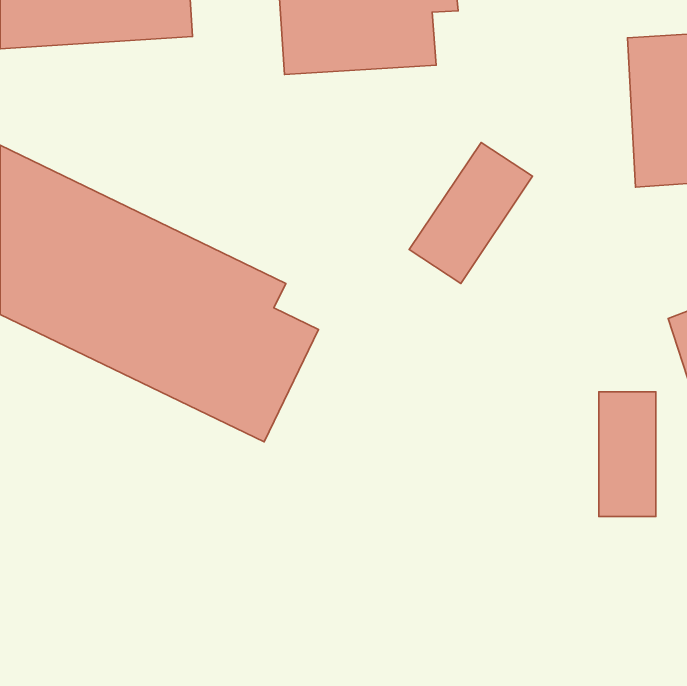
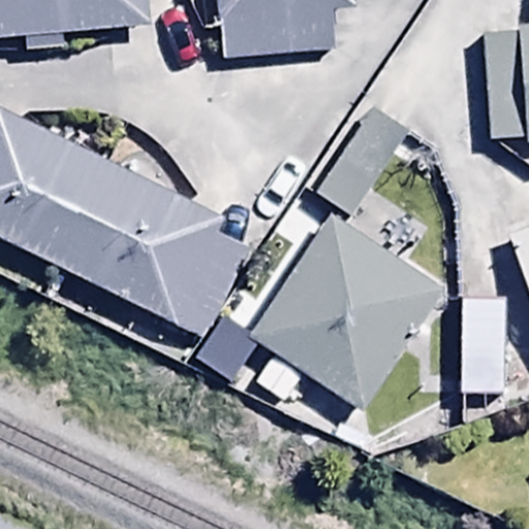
building: none -> [250,214,443,415]

